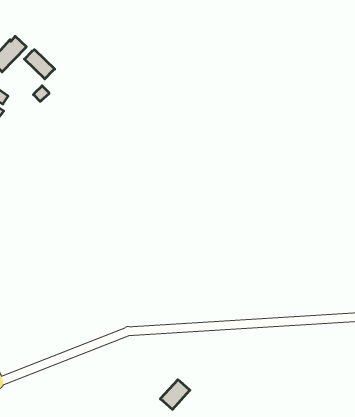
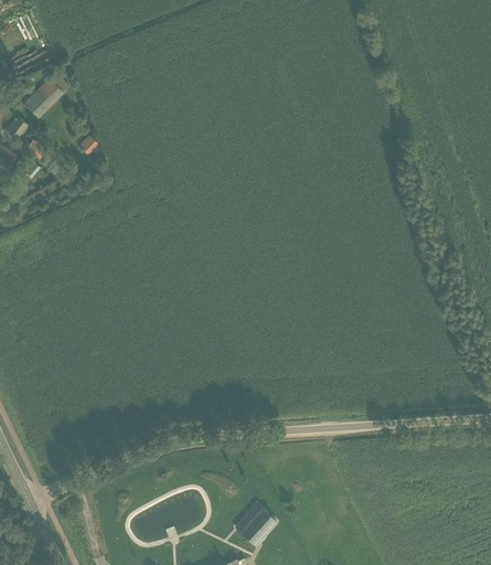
building: [24,50,55,79] -> none

